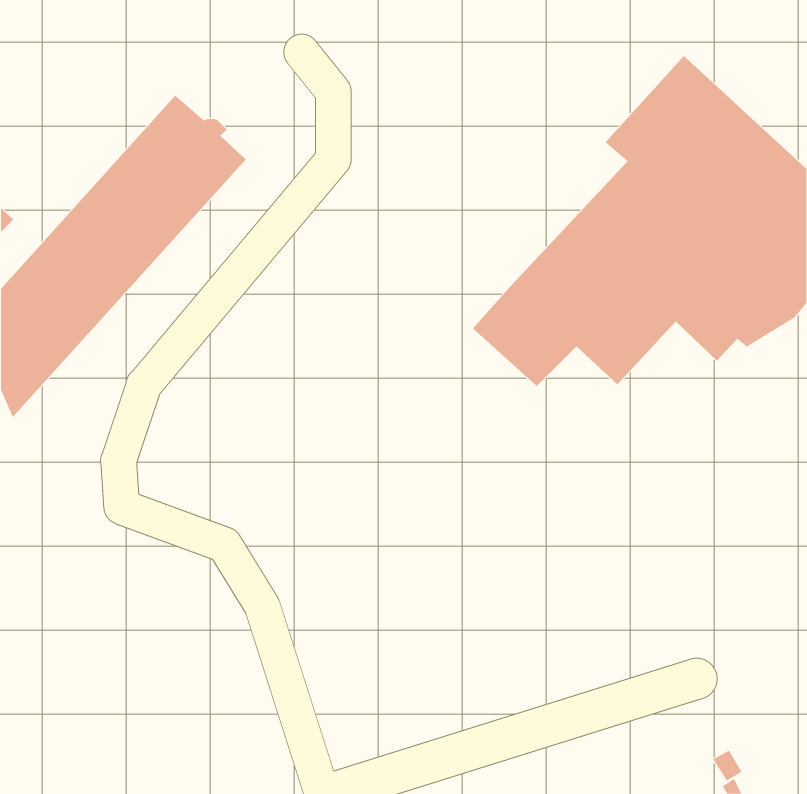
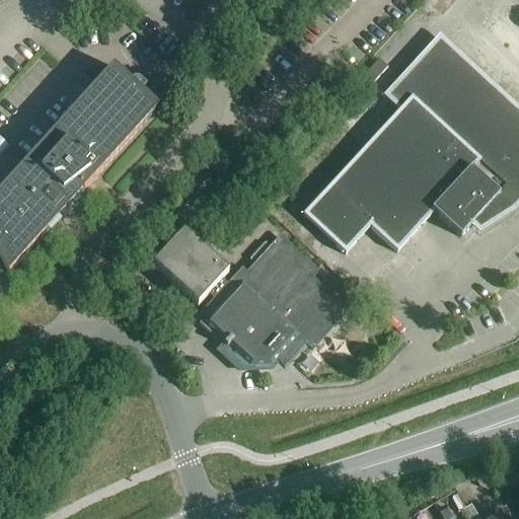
building: none -> [153,227,346,364]

